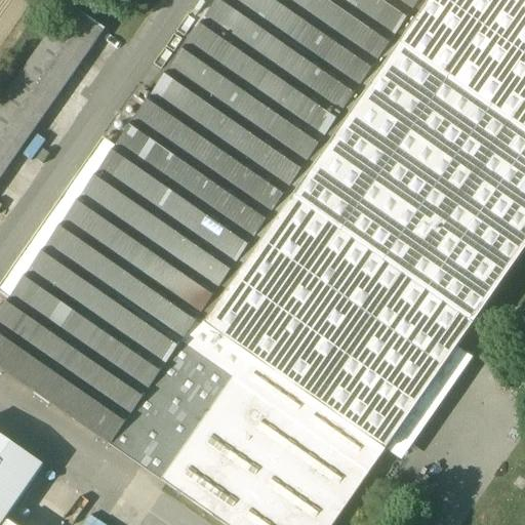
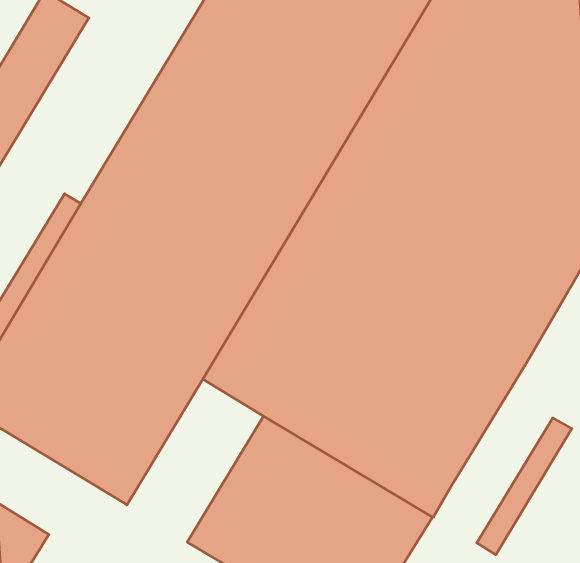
building: [110,340,232,478] -> none
building: [387,345,474,457] -> [477,418,572,555]

